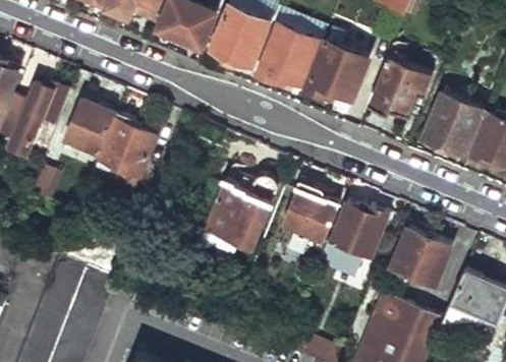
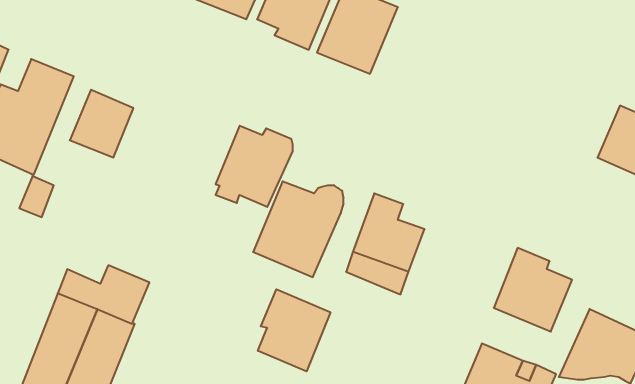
building: [303,41,367,109] -> none
building: [367,59,430,116] -> none
building: [420,93,482,161] -> none
building: [98,117,157,179] -> [216,126,293,207]
building: [329,202,386,257] -> none
building: none -> [258,289,330,371]

